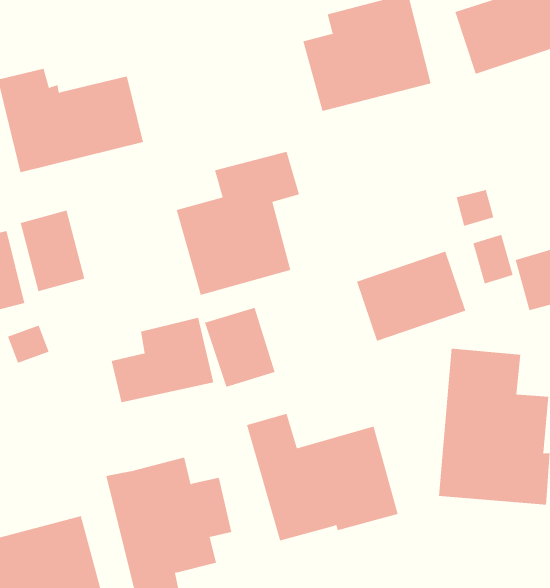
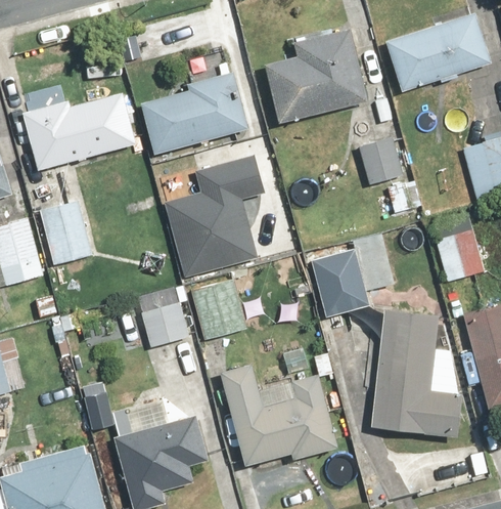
building: none -> [142,70,248,155]
building: none -> [355,136,404,186]

